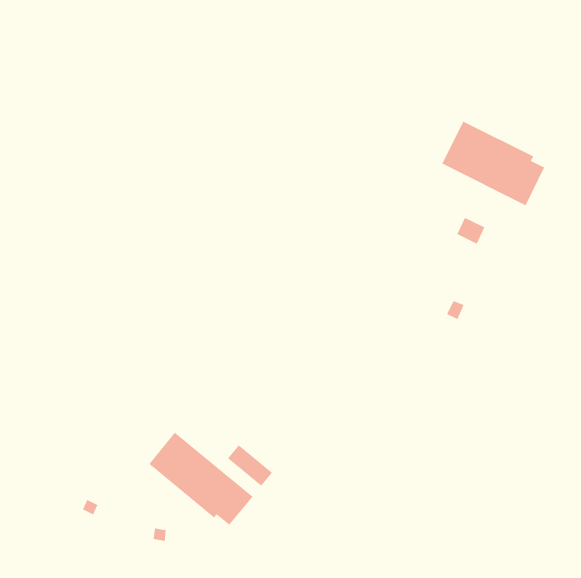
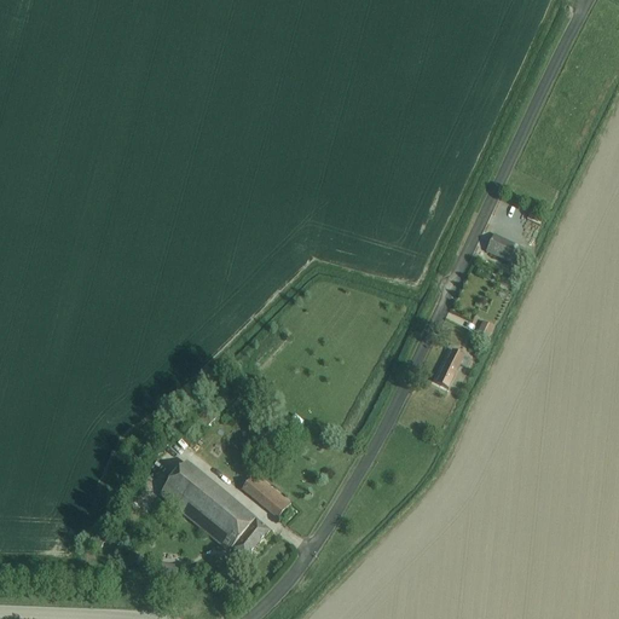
building: [441,121,545,206] -> none
building: none -> [434,347,469,386]

